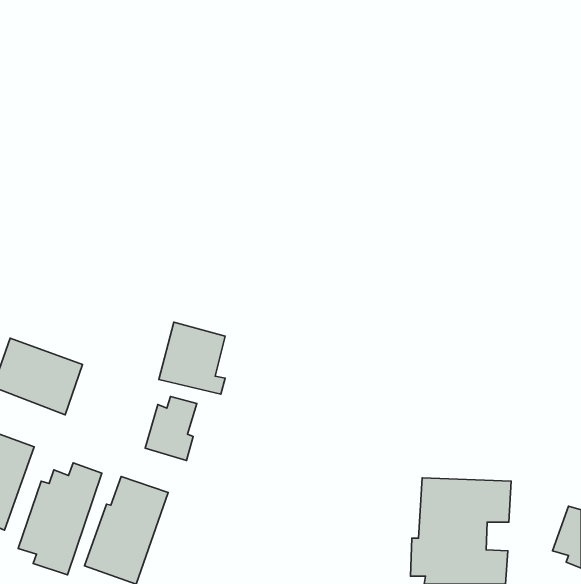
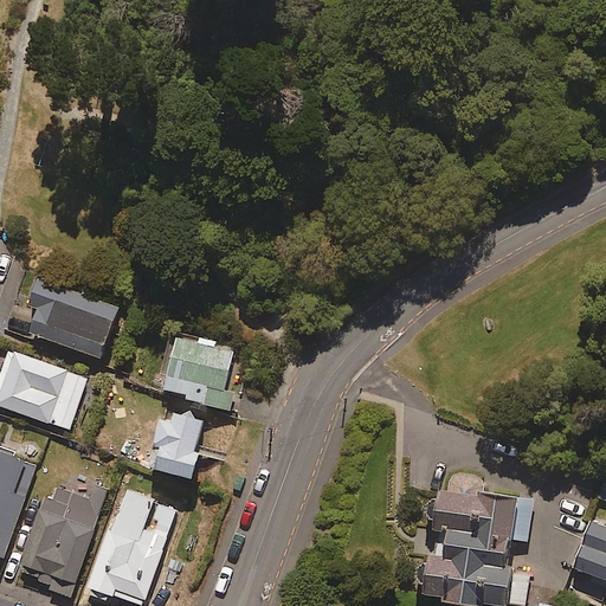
building: none -> [30,278,118,356]

